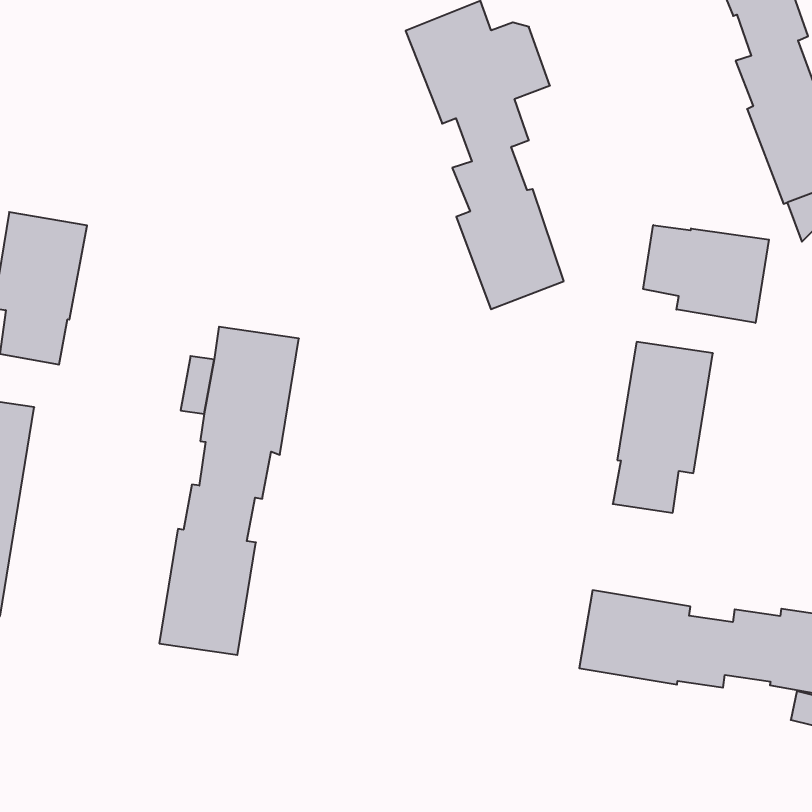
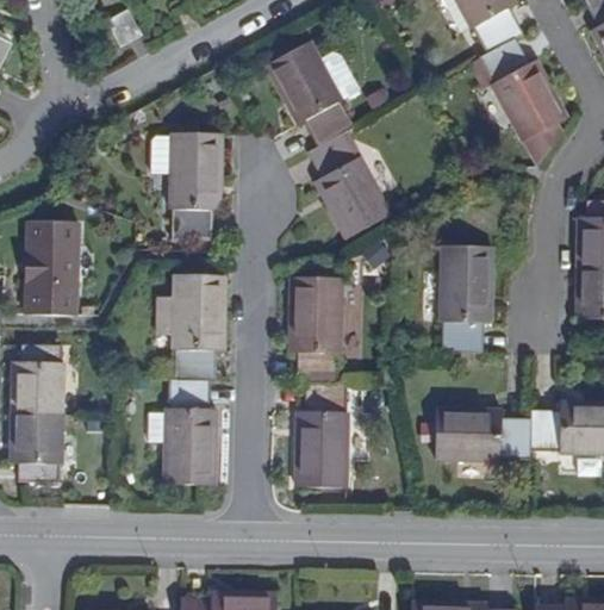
building: none -> [152,132,224,239]
building: [643,225,769,323] -> none
building: none -> [292,279,348,486]

